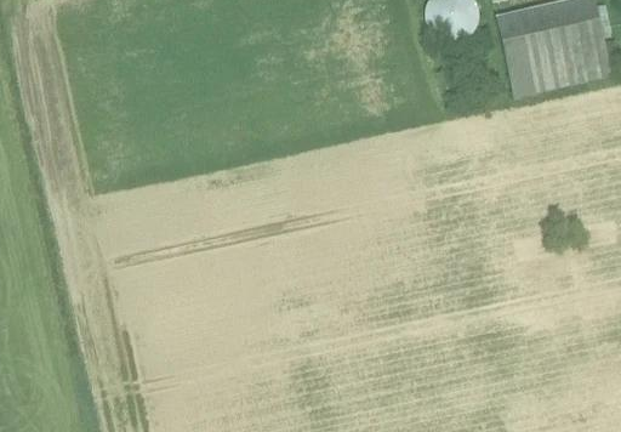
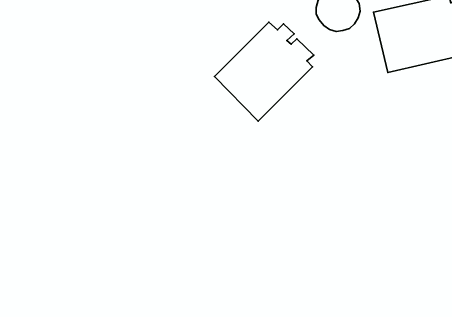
building: none -> [215,22,314,121]

